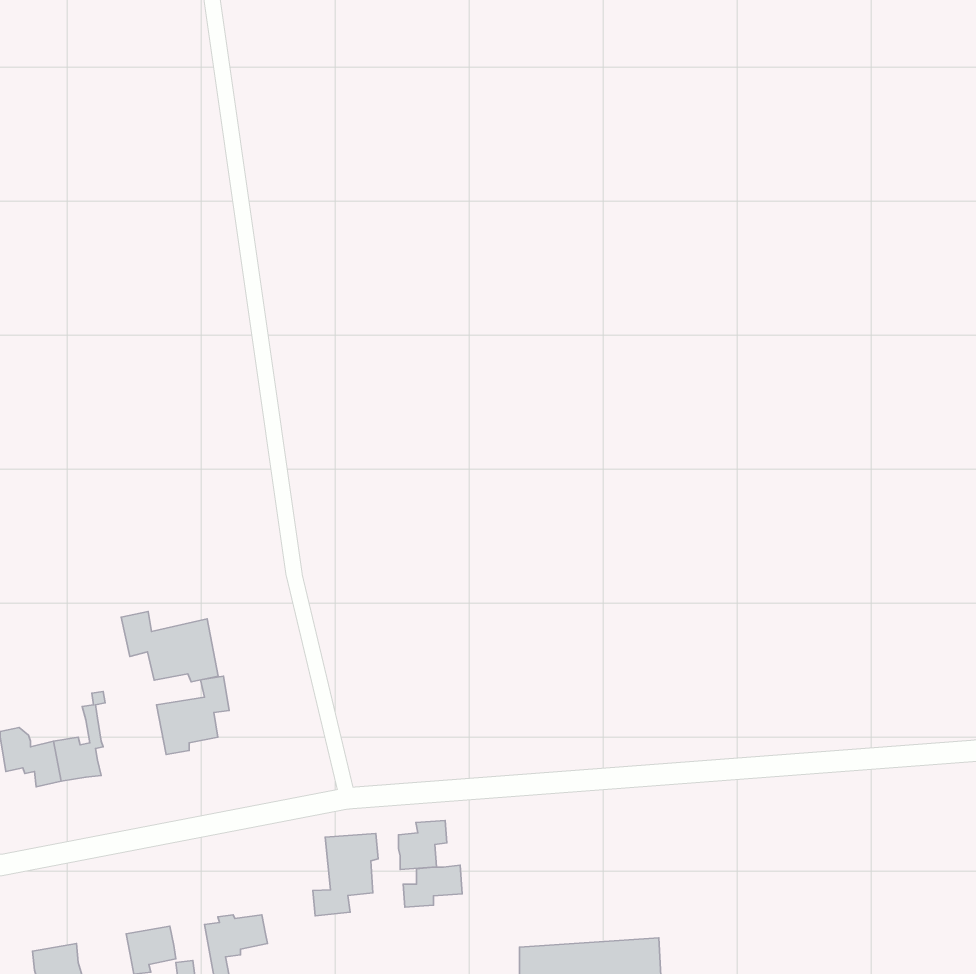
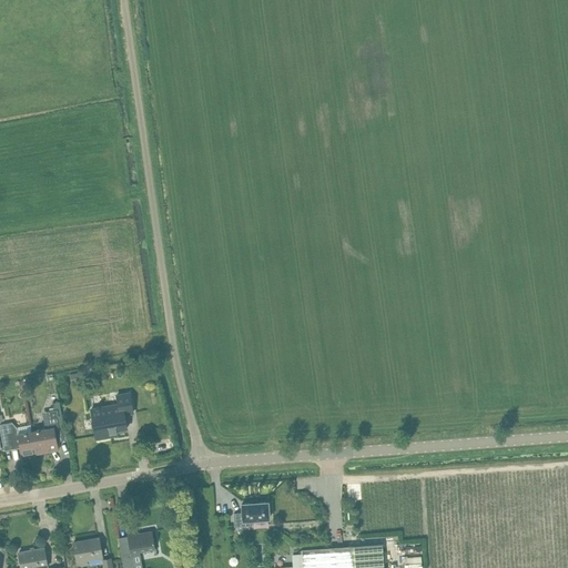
building: [121,611,218,682] -> none
building: [399,820,447,870] -> none
building: [313,833,378,916] -> none

